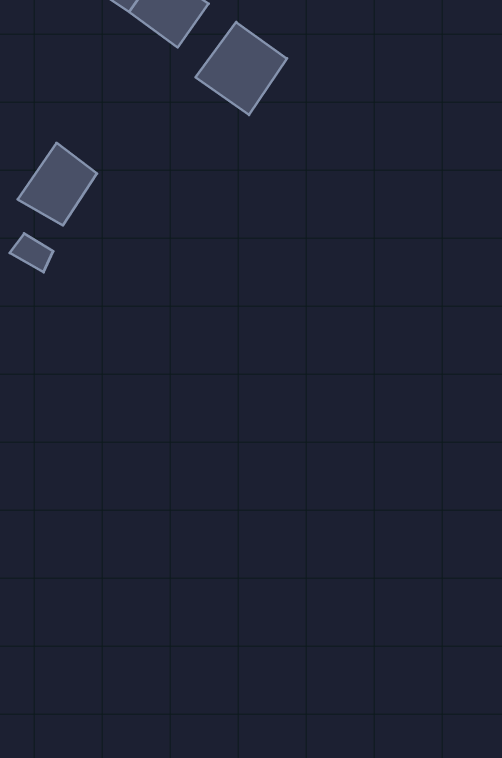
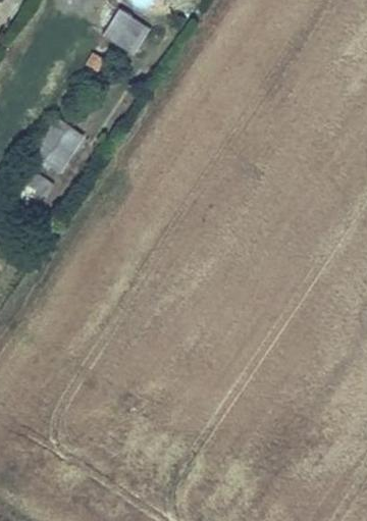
building: [196,22,287,115] -> none

